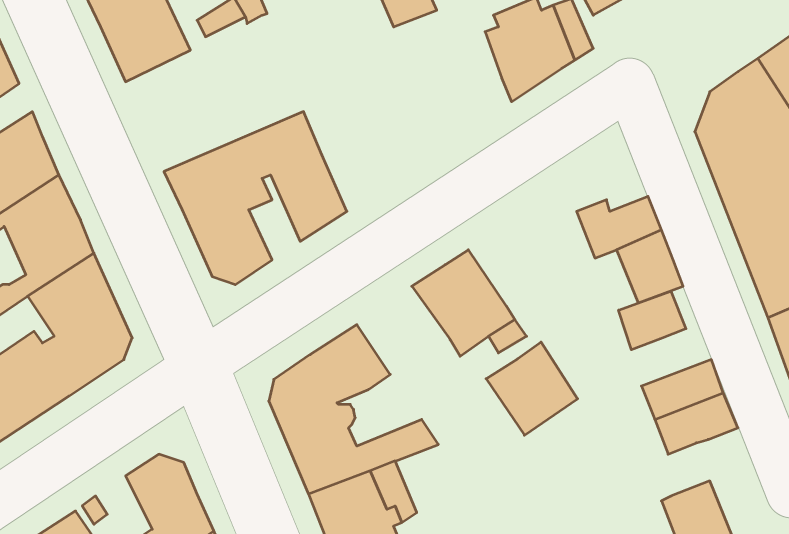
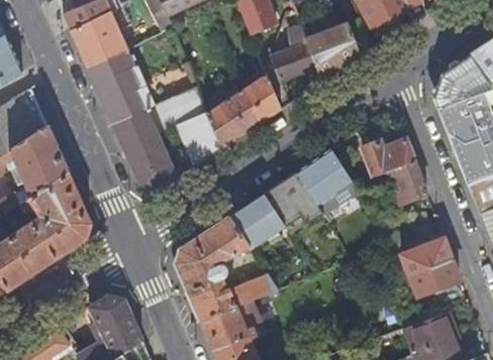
building: none -> [271,24,316,81]
building: none -> [88,50,196,124]
building: none -> [207,76,280,148]
building: none -> [228,194,285,248]
building: [619,291,686,350] -> none
building: [486,342,578,435] -> [296,149,352,206]

